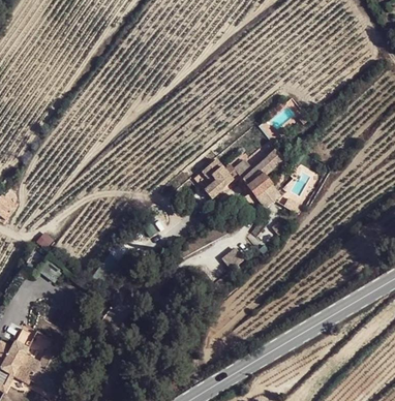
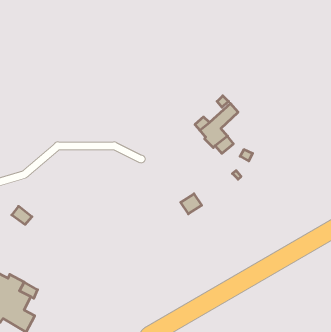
building: [203,160,231,196] -> none

